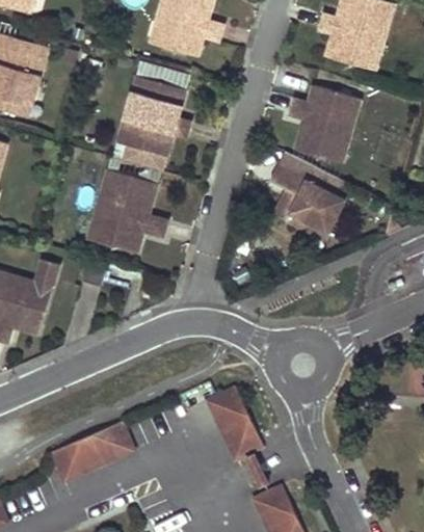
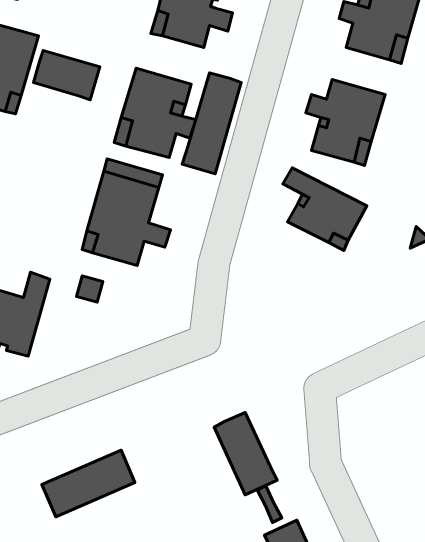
building: none -> [34,51,100,100]
building: none -> [182,73,241,174]

